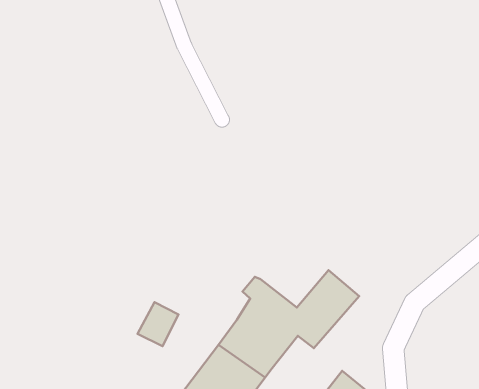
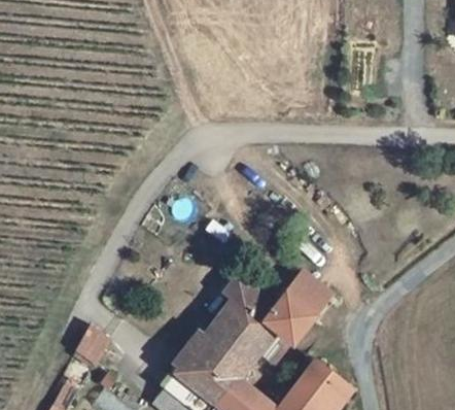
building: [138,302,178,346] -> [73,324,110,365]

